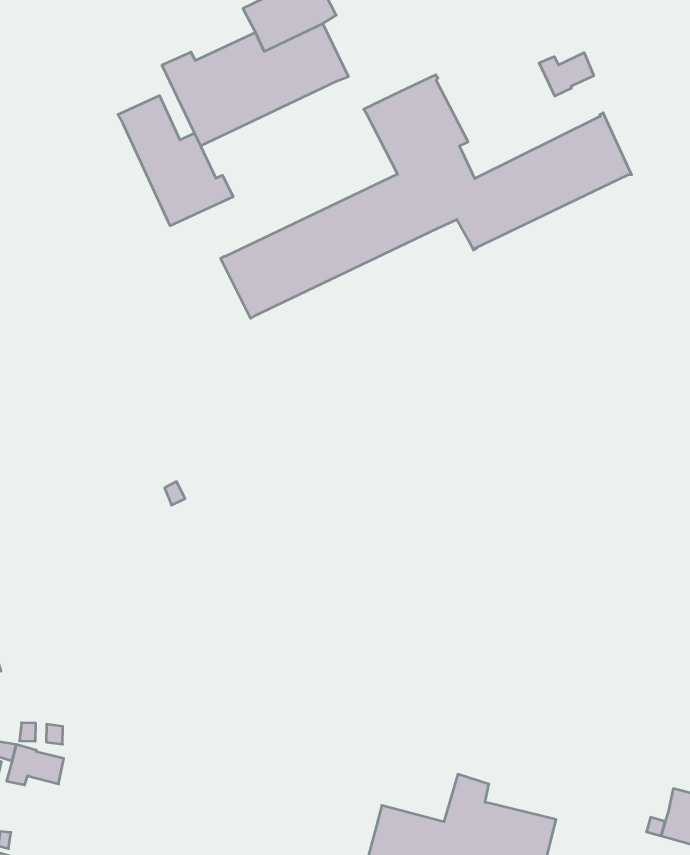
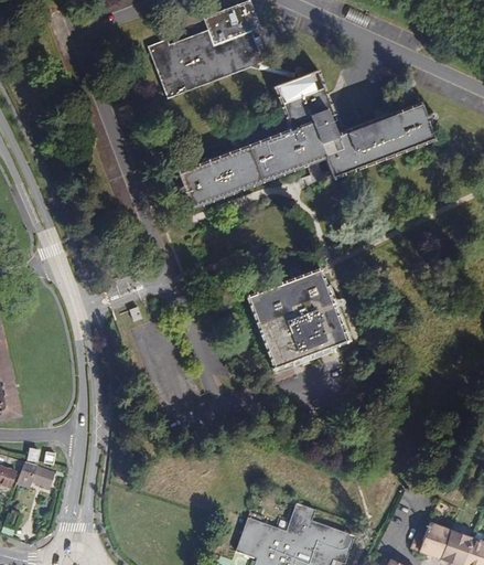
building: [539,53,594,96] -> none
building: [118,96,233,226] -> none
building: none -> [244,267,347,370]

